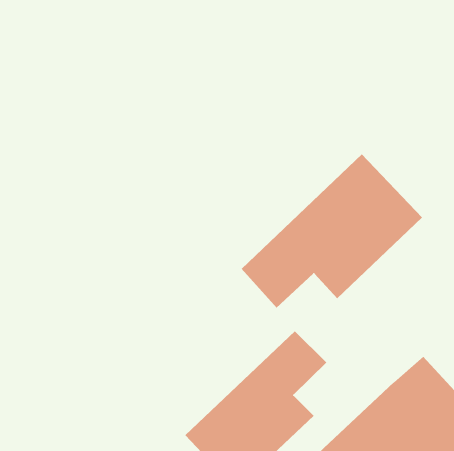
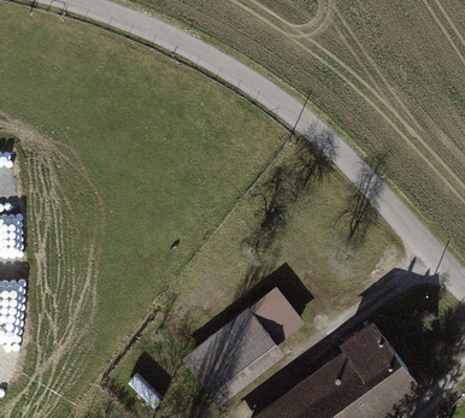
building: [241,154,423,309] -> none

